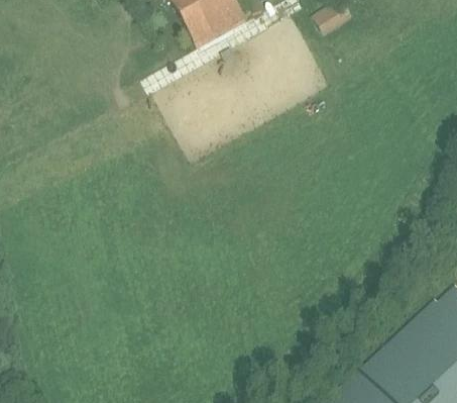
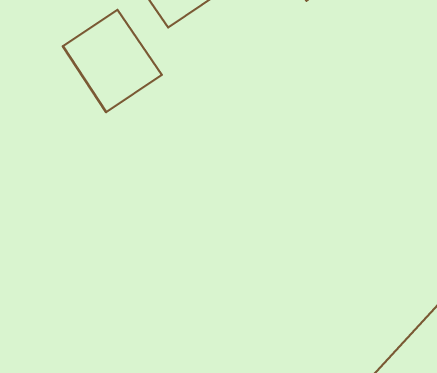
building: none -> [63,10,162,112]

